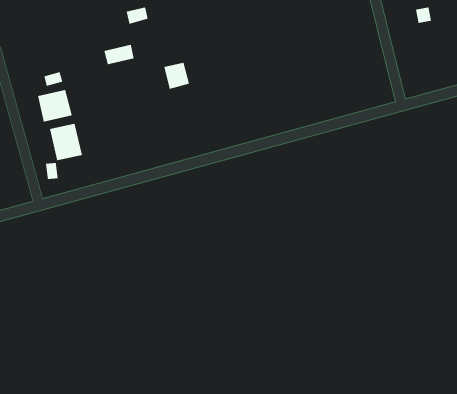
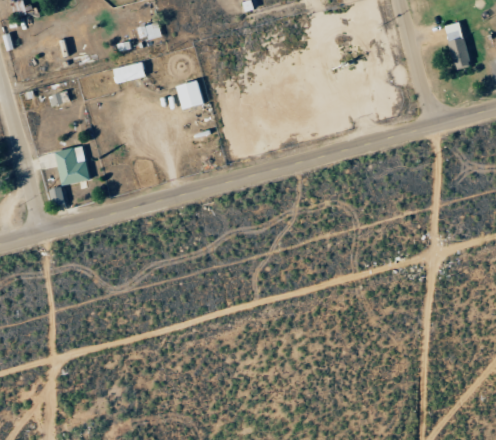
building: none -> [449,38,469,69]
building: [38,89,72,123] -> none

